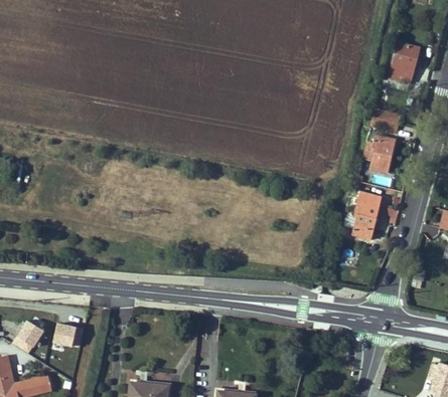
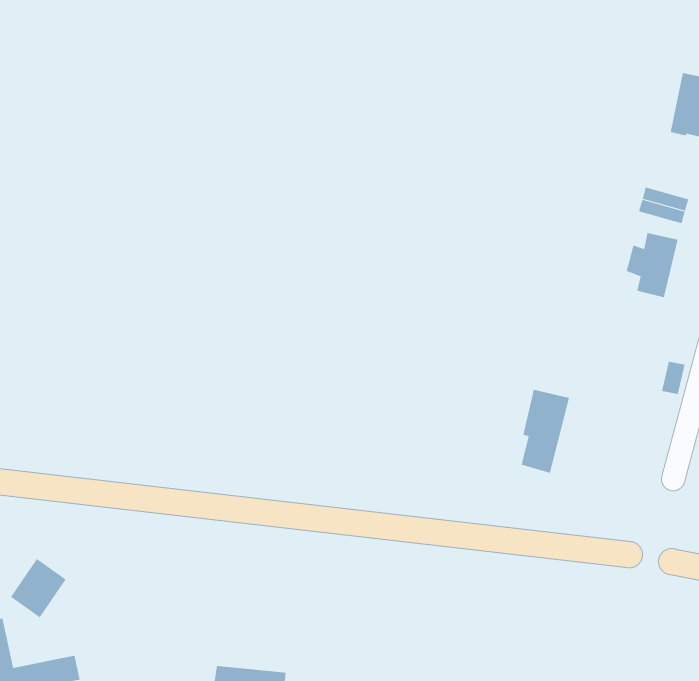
building: [352,191,381,239] -> [521,389,570,474]
building: [51,324,84,351] -> none

